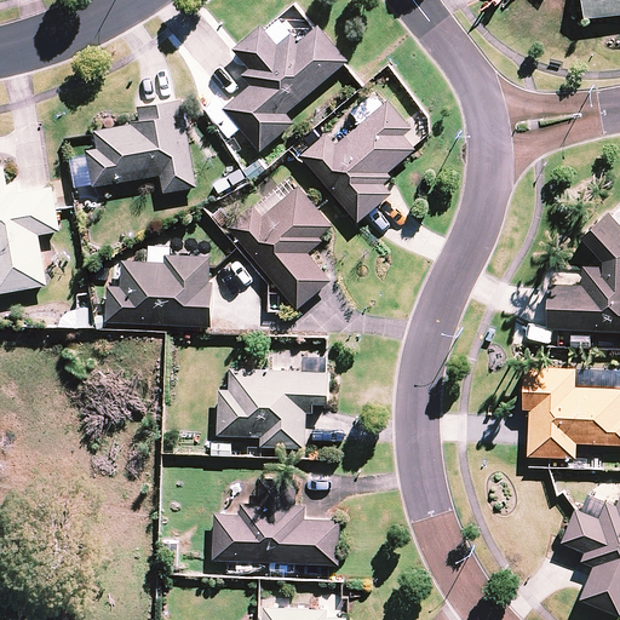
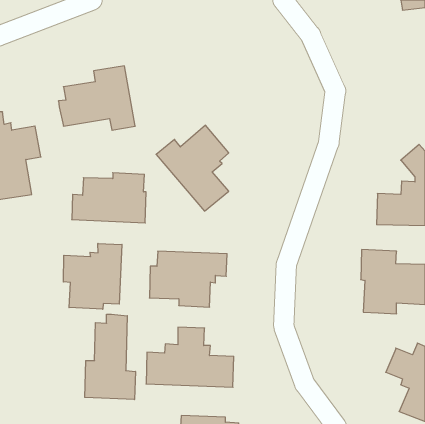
building: [222,25,348,153] -> none
building: [300,101,415,223] -> none
building: none -> [63,243,122,309]
building: none -> [85,314,135,400]

